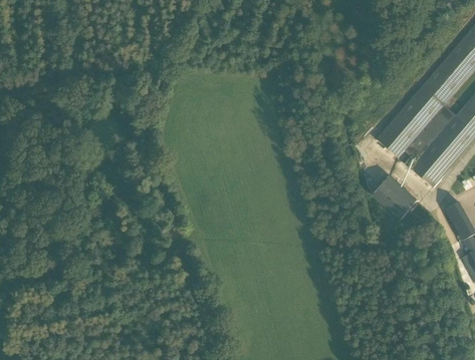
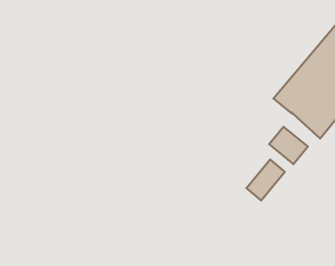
building: none -> [246,159,285,201]

